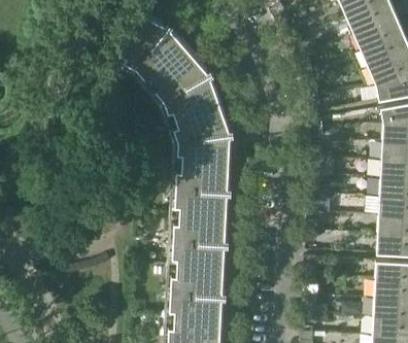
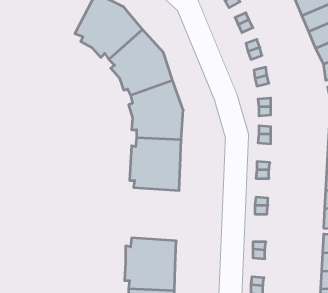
building: [172,215,227,271] -> none

